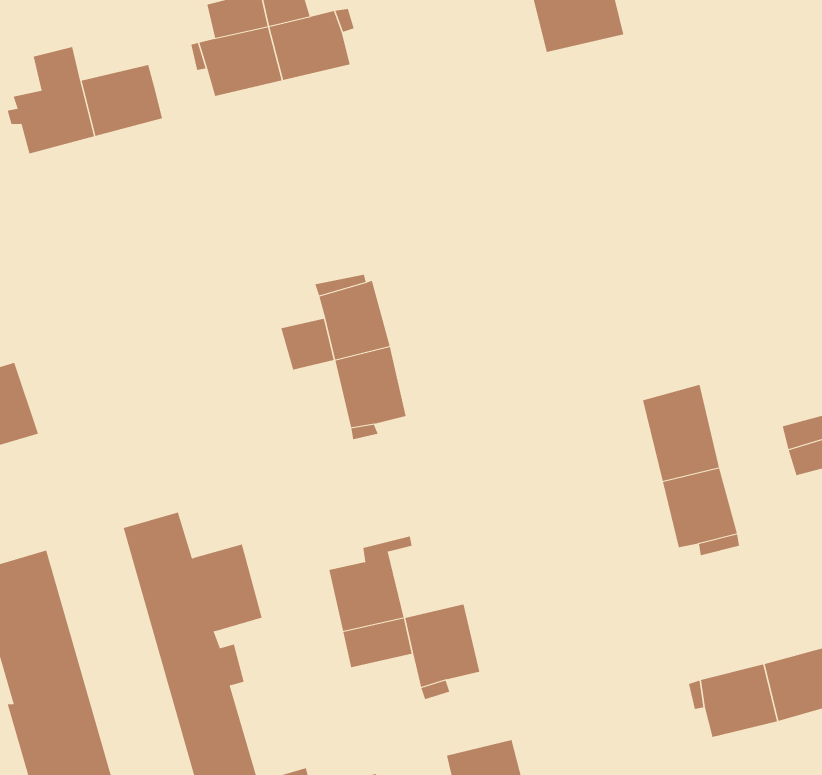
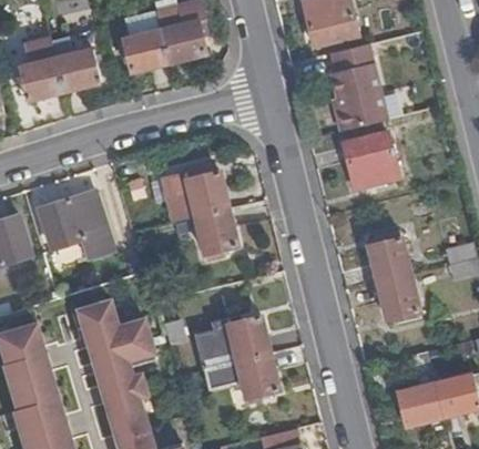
building: none -> [51,31,103,64]
building: none -> [329,44,388,134]
building: none -> [344,135,399,190]
building: none -> [41,192,113,257]
building: none -> [226,315,268,359]

